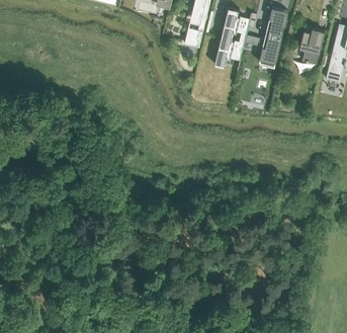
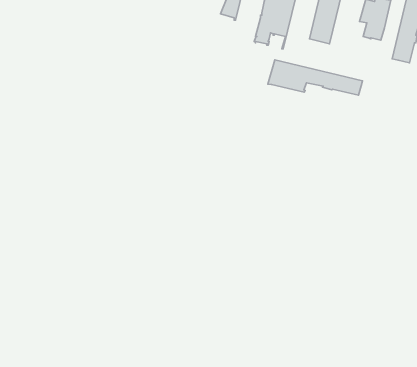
building: none -> [268,60,363,95]

